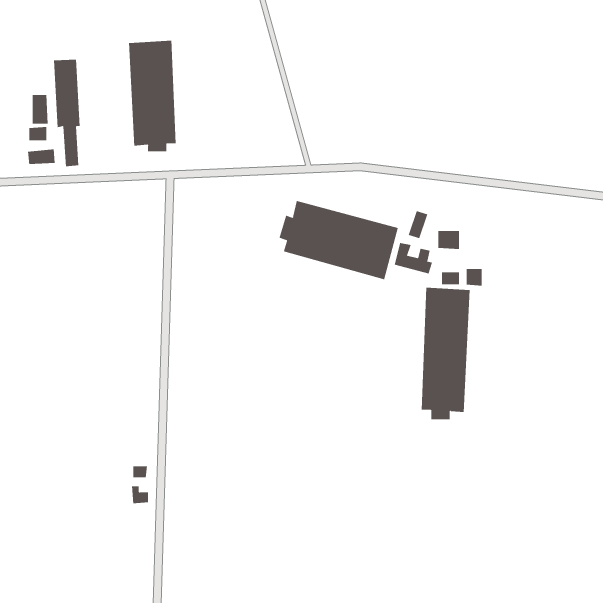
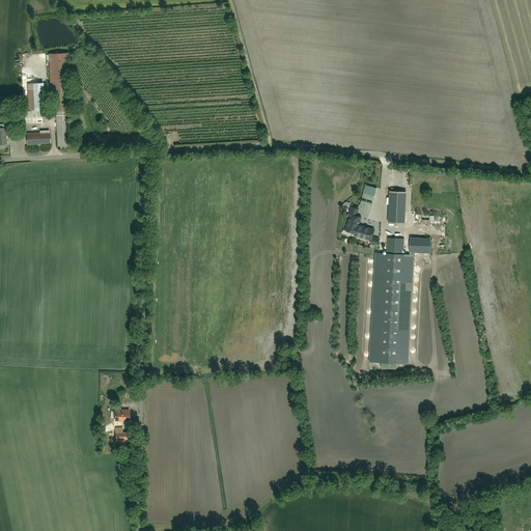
building: [128,40,176,152] -> none
building: [279,200,399,280] -> none

